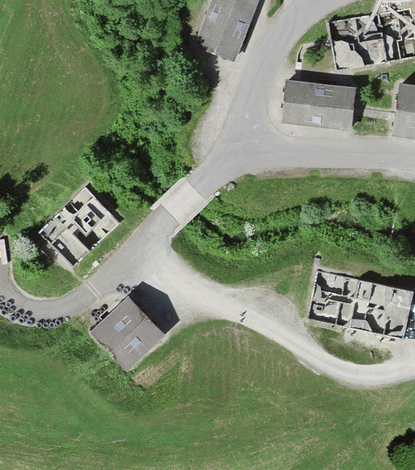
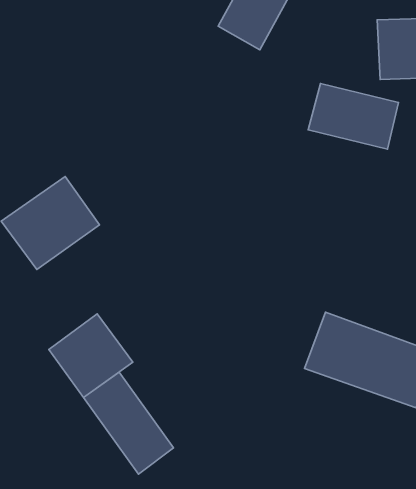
building: none -> [83,372,173,474]

